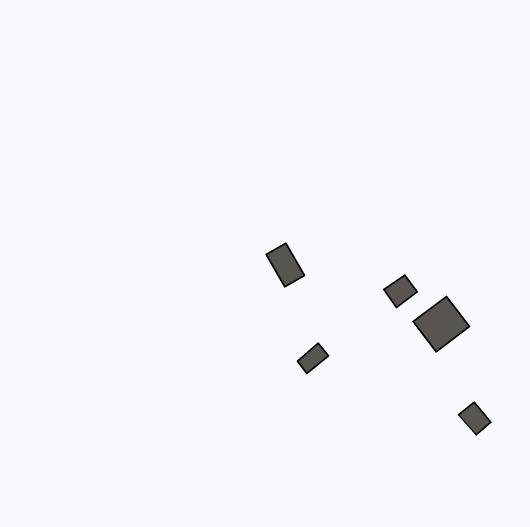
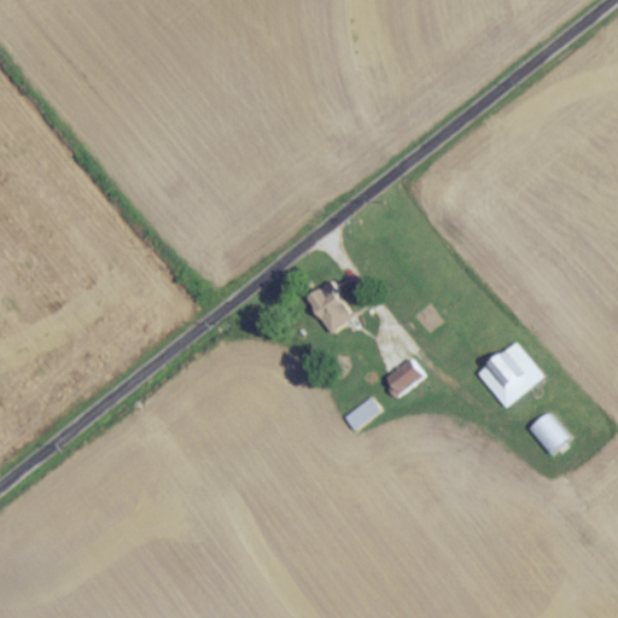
building: [384,275,417,307] -> [385,357,424,395]
building: [459,402,491,435] -> [529,415,566,453]

